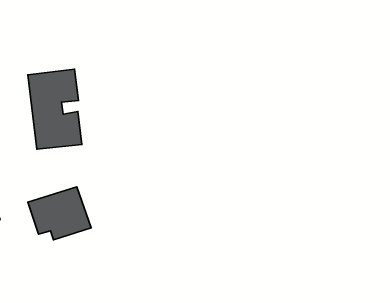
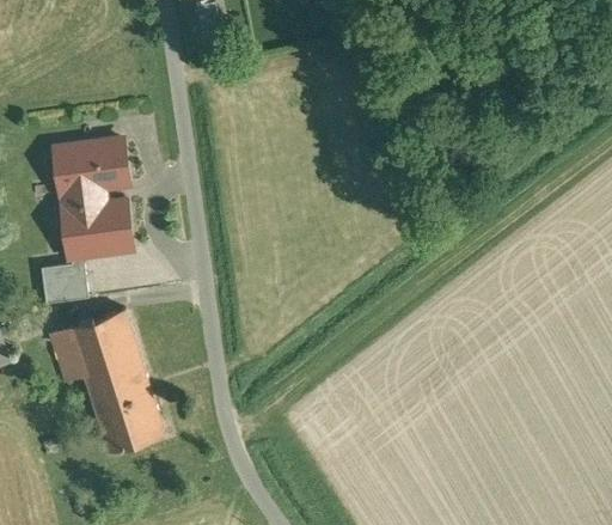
building: none -> [42,264,88,301]
building: none -> [91,373,166,451]

